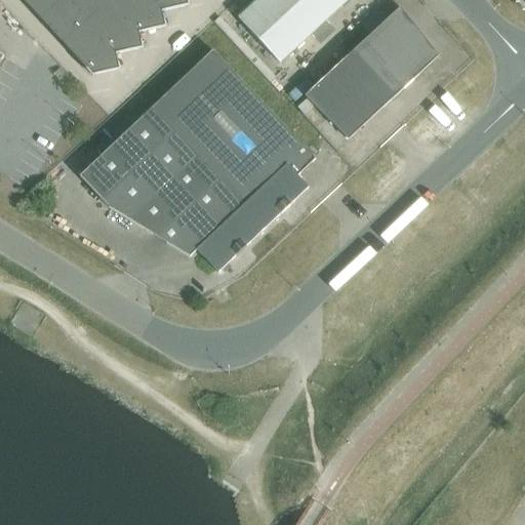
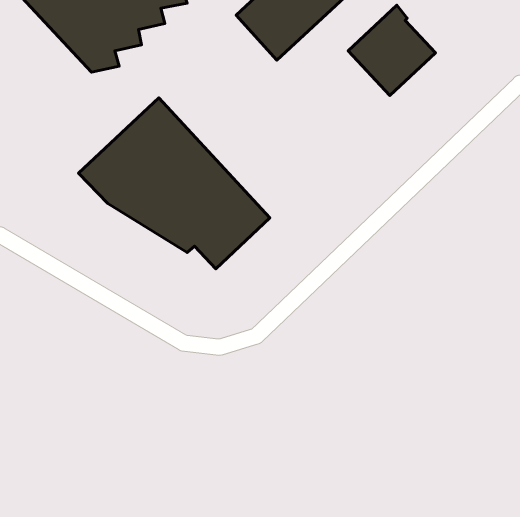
building: [160,48,315,219] -> none
building: [305,51,393,137] -> none

